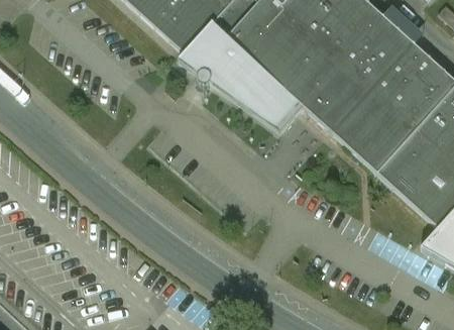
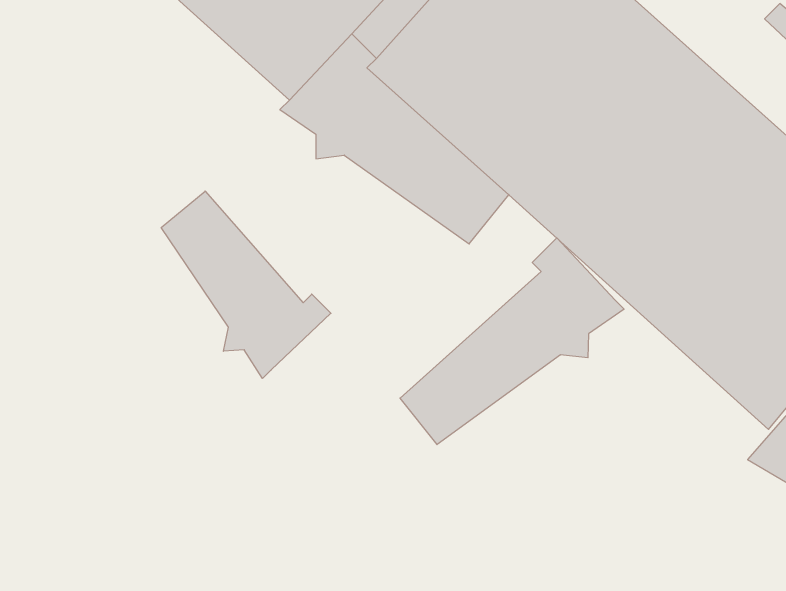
building: none -> [161,191,331,378]
building: none -> [400,238,624,445]

